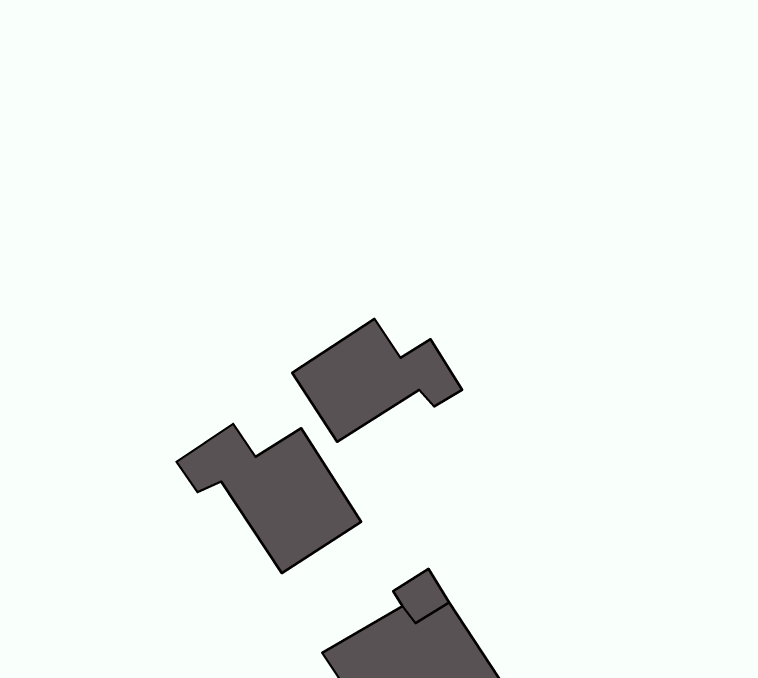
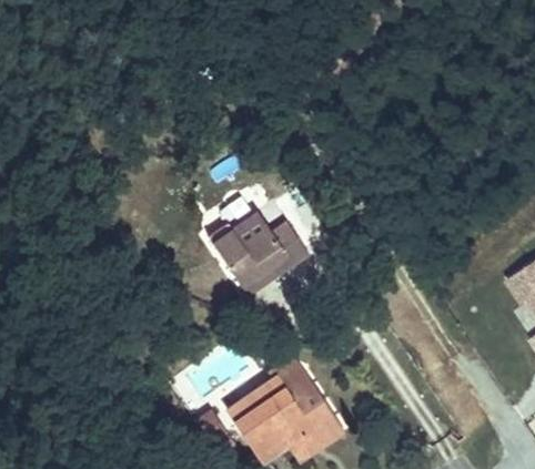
building: [176,424,361,573] -> none

